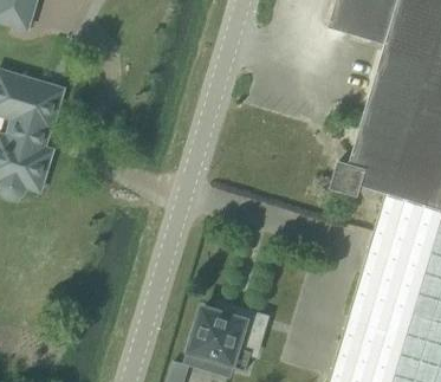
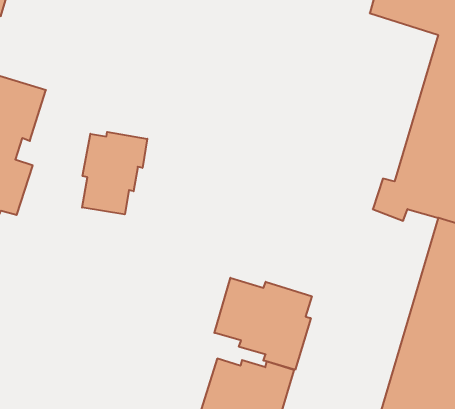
building: none -> [82,132,147,214]
building: none -> [214,278,312,370]

